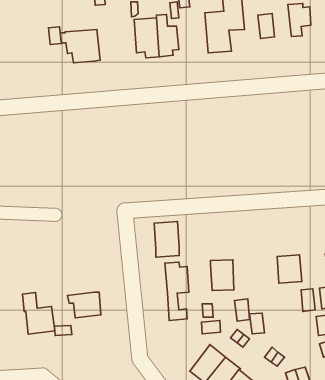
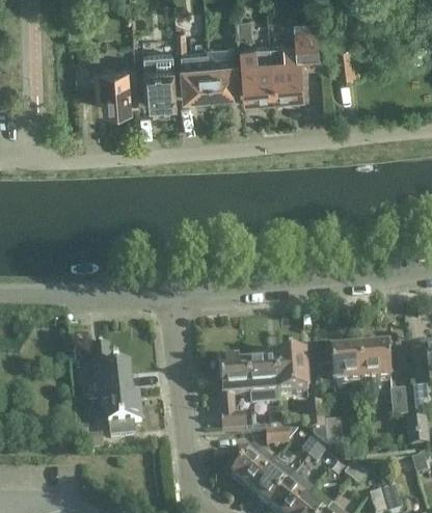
building: [288,3,311,37] -> none
building: none -> [243,45,274,96]
building: none -> [144,60,176,104]
building: [154,221,179,257] -> [248,359,279,404]
building: none -> [331,349,362,384]
building: [22,292,55,334] -> [91,346,132,398]
building: none -> [232,447,275,492]

